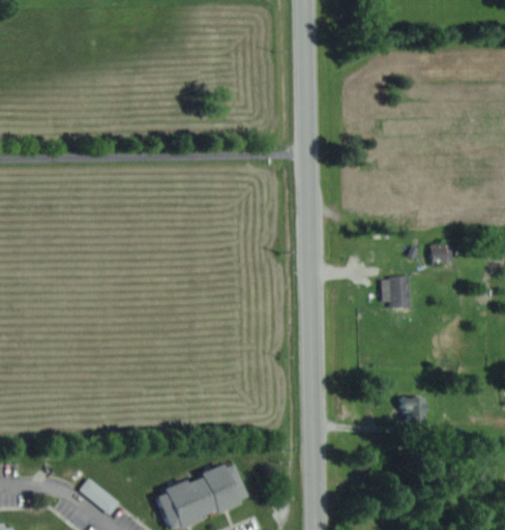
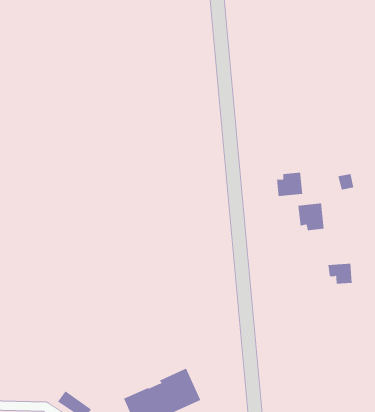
building: none -> [276,172,303,197]
building: [397,398,425,421] -> [328,263,352,284]

